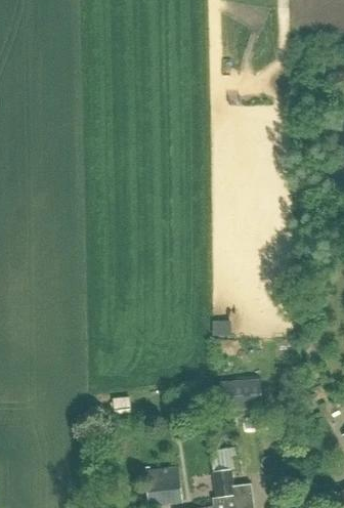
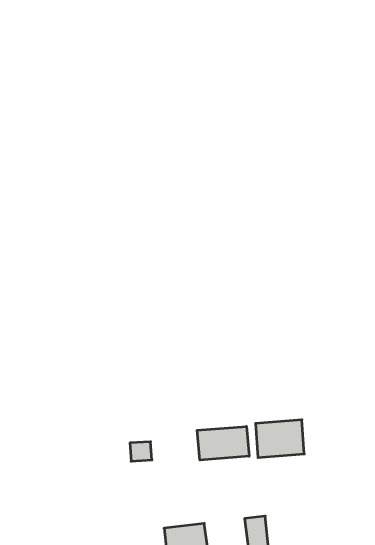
building: none -> [197,426,249,460]

